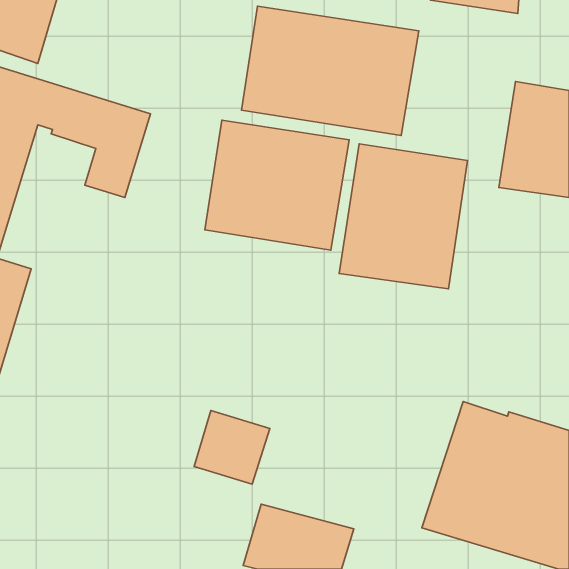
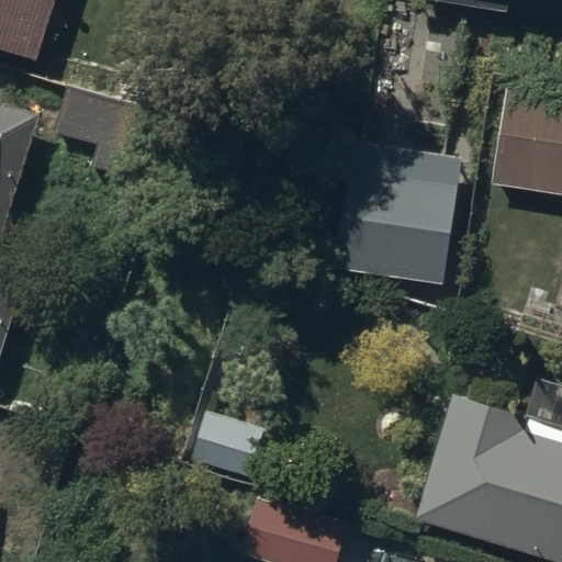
building: [241,6,419,136] -> none
building: [205,120,349,250] -> none

